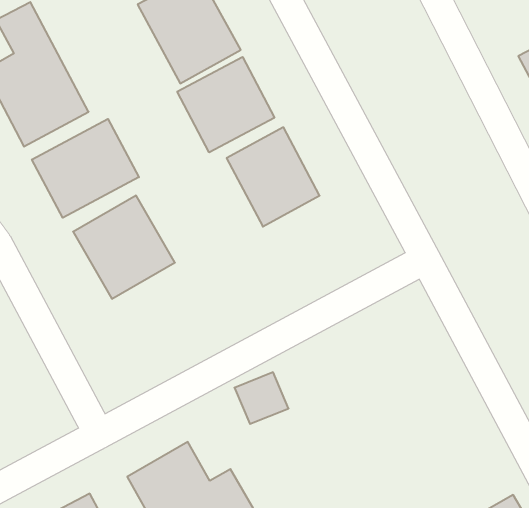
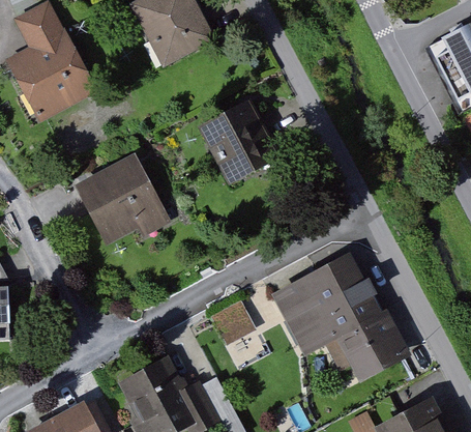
building: [177,57,274,152] -> none
building: [32,119,139,218] -> none
building: none -> [275,255,401,377]

